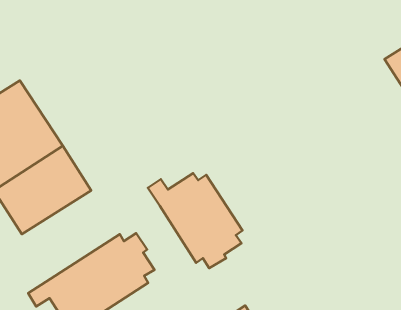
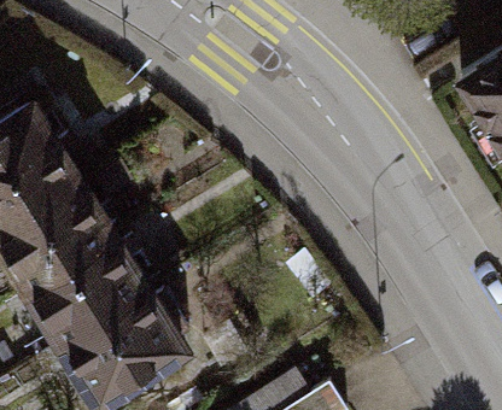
building: [148,173,242,268] -> none
building: none -> [31,236,147,341]

